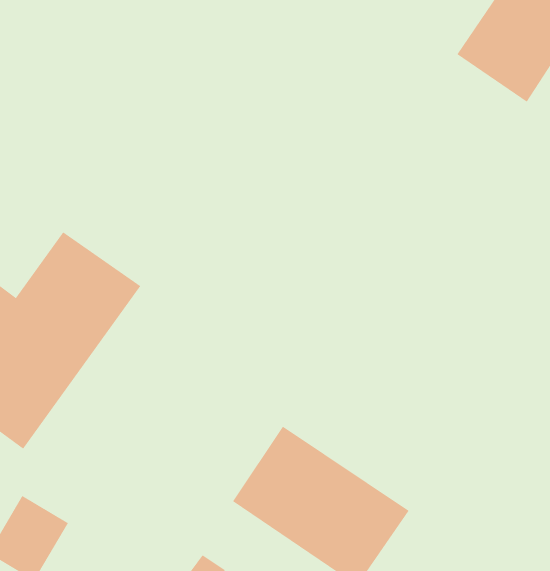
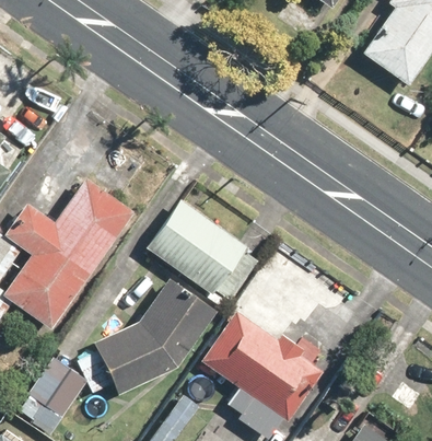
building: none -> [147,197,245,291]
building: none -> [95,280,213,393]

